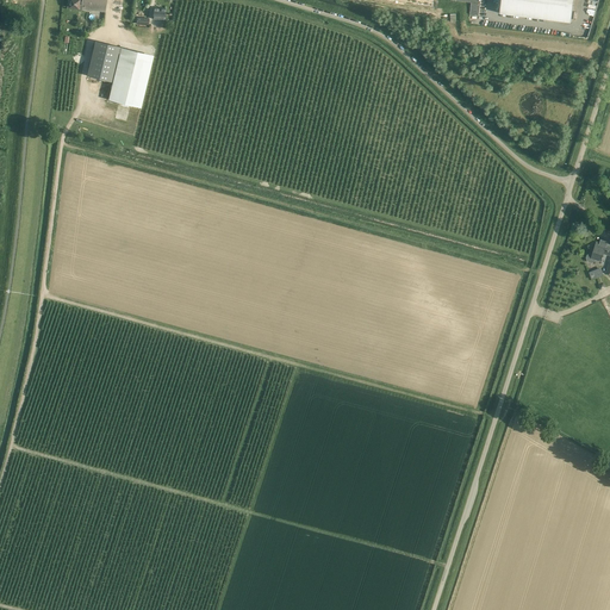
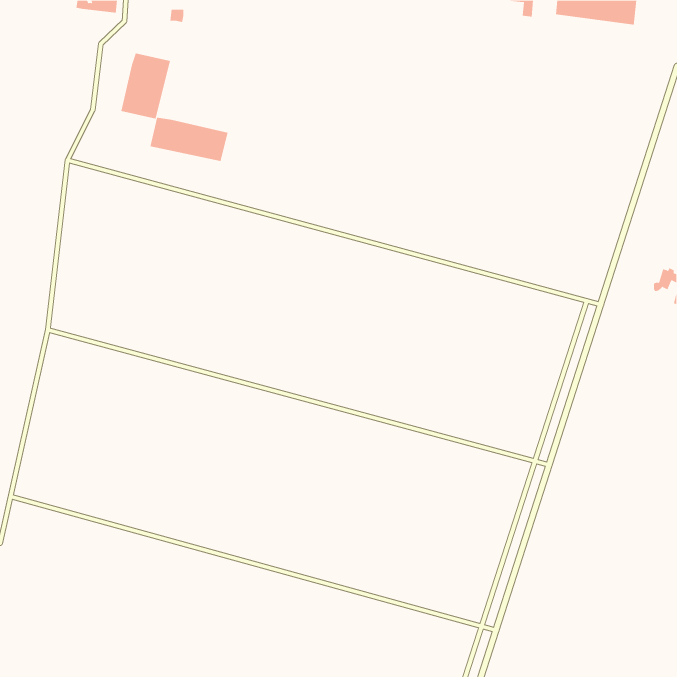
building: [87,41,120,82] -> none
building: none -> [150,117,228,162]

